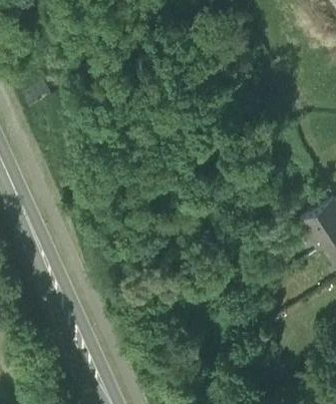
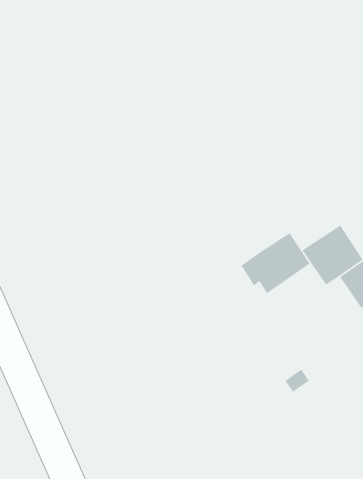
building: none -> [241,232,310,294]

